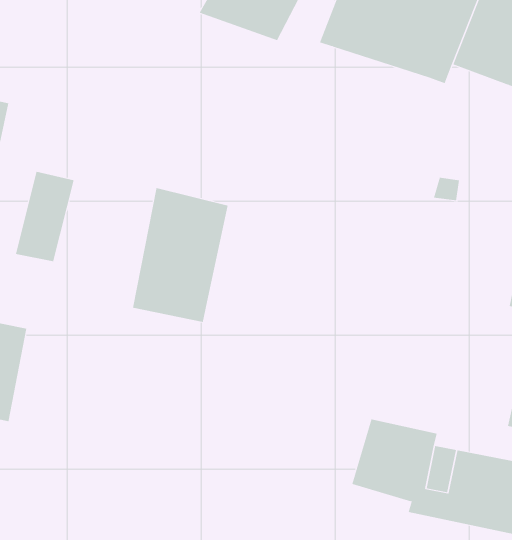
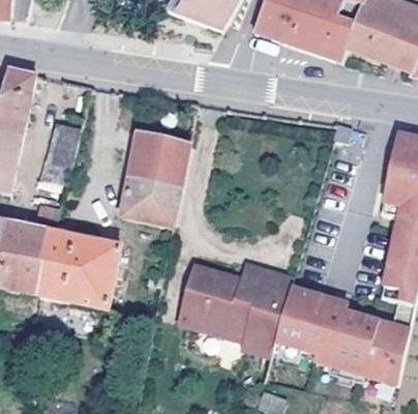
building: none -> [35,230,120,309]
building: none -> [191,272,291,356]

